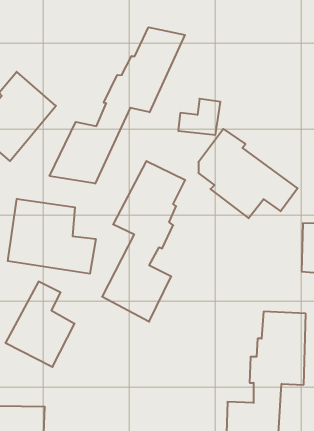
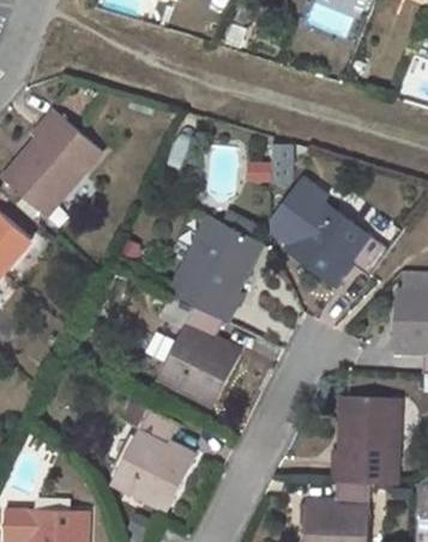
building: [50,27,185,184] -> none
building: [8,199,96,274] -> none
building: [5,282,75,367] -> [110,409,193,511]

